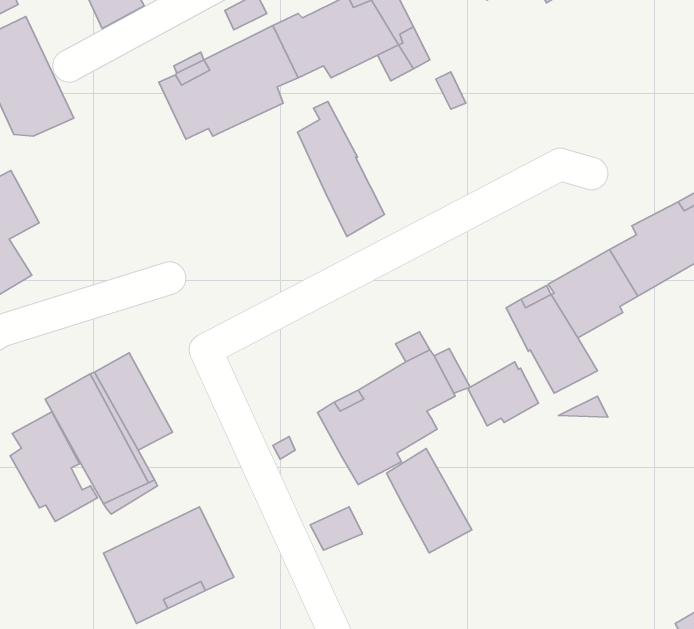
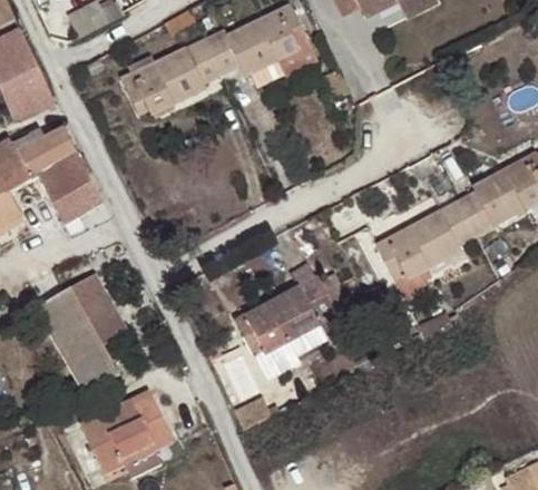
building: [297,101,385,237] -> none
building: none -> [14,125,105,223]
building: [468,362,539,426] -> none
building: [10,412,98,522] -> none
building: [386,449,472,553] -> none

